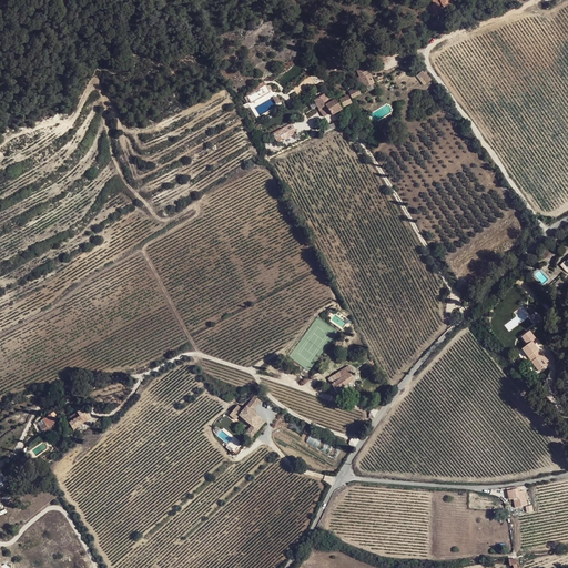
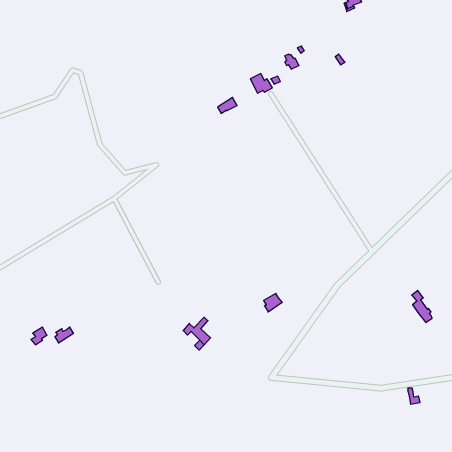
building: [521,329,547,369] -> [412,291,432,323]

